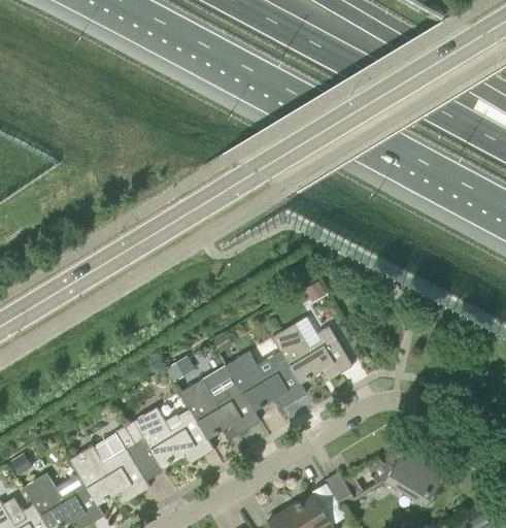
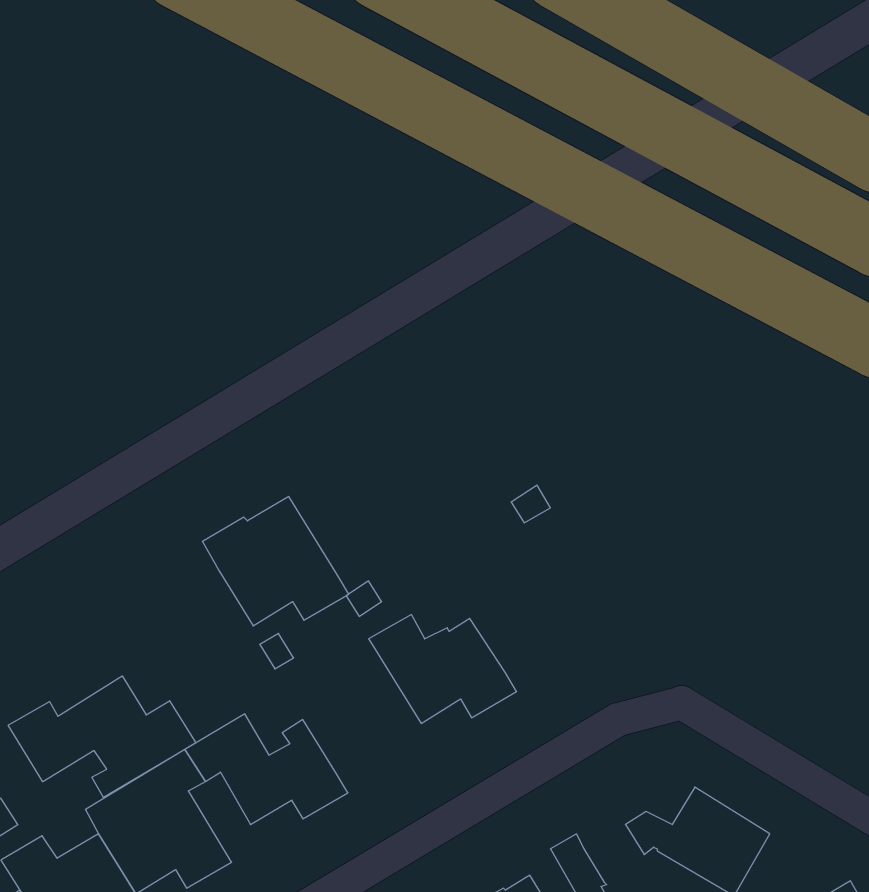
building: [272,317,352,384] -> none
building: [180,368,261,439] -> [202,497,349,626]
building: none -> [8,676,196,798]

